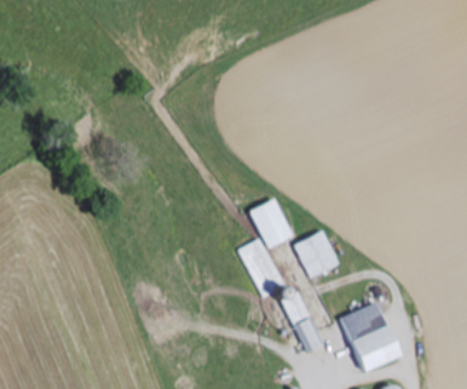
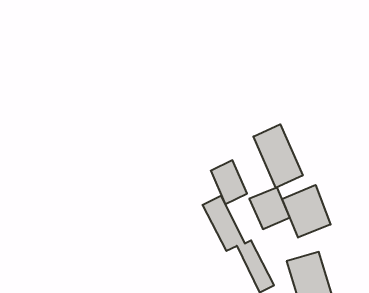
building: none -> [253,124,303,188]
building: none -> [282,185,331,238]

